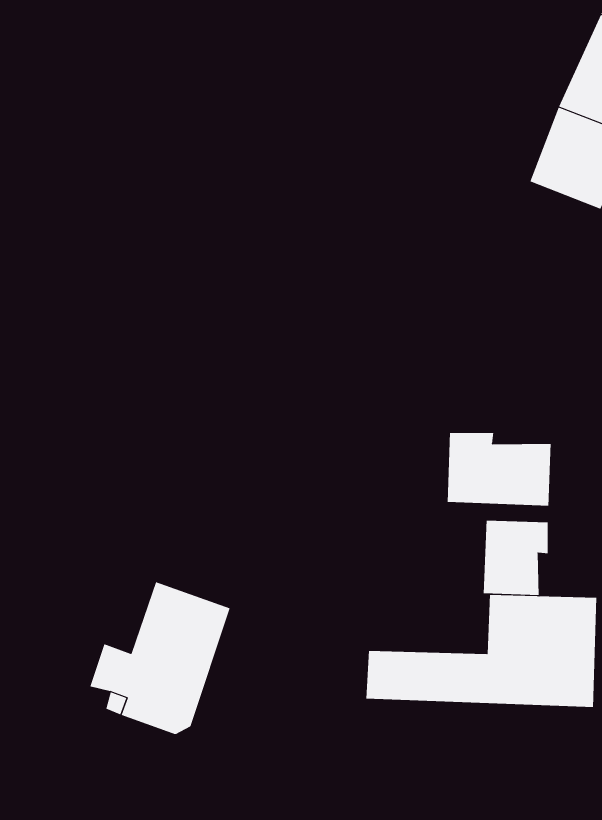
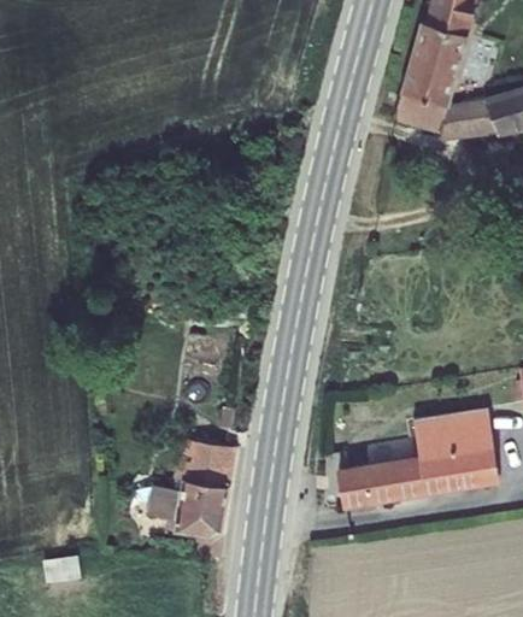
building: [447,432,551,507] -> none
building: [483,520,548,596] -> none

